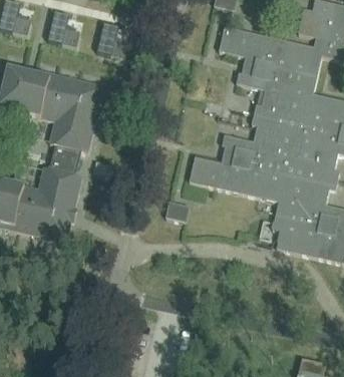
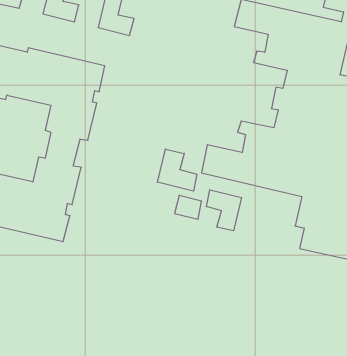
building: none -> [157,149,197,191]
building: none -> [206,190,241,231]

